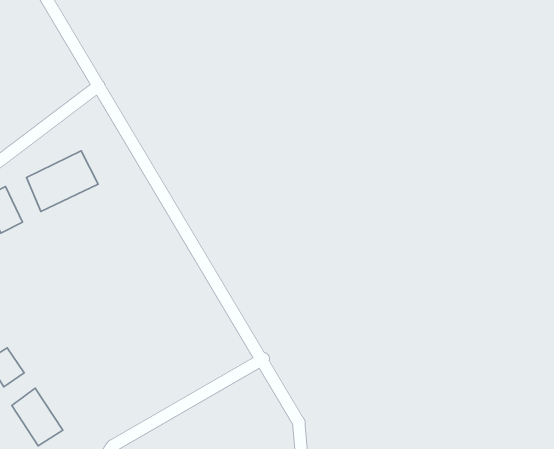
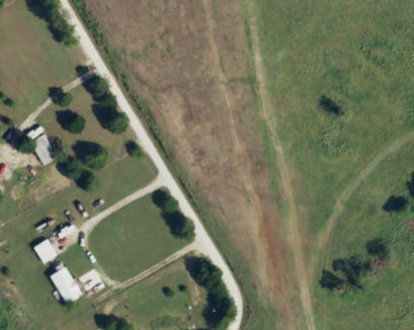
building: [27,151,98,211] -> none

